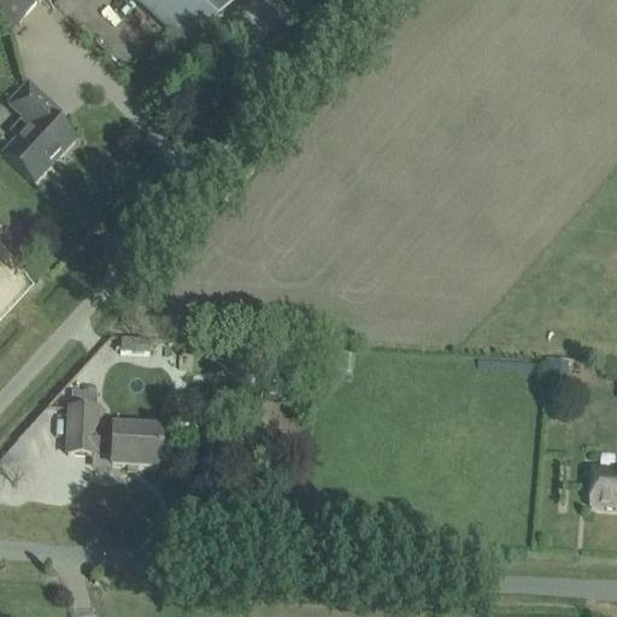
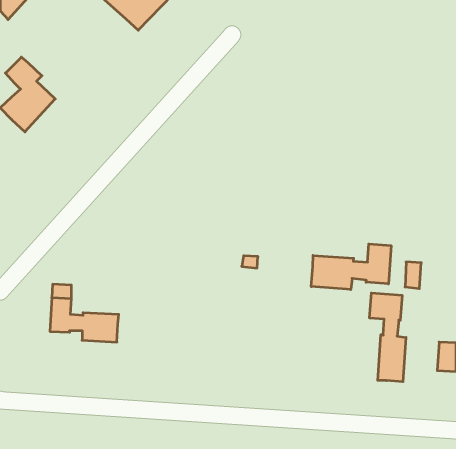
building: none -> [311,244,391,290]
building: none -> [370,293,406,382]

